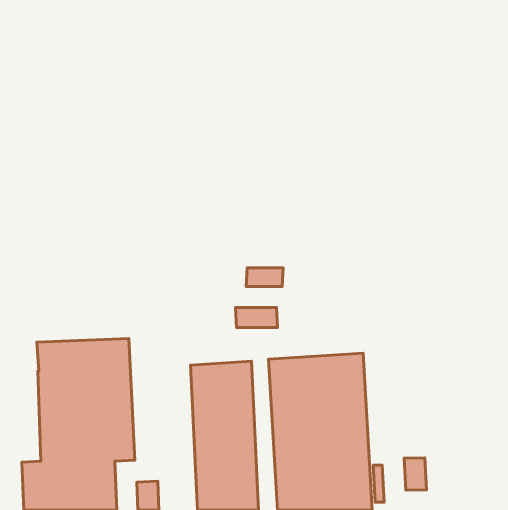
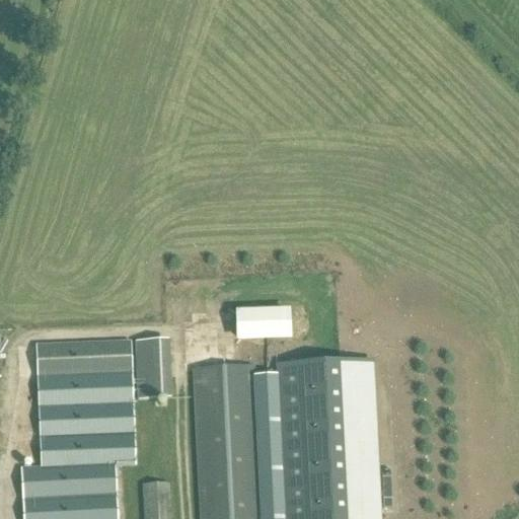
building: [246,268,283,287] -> none
building: none -> [133,342,169,401]
building: [404,458,426,490] -> none

